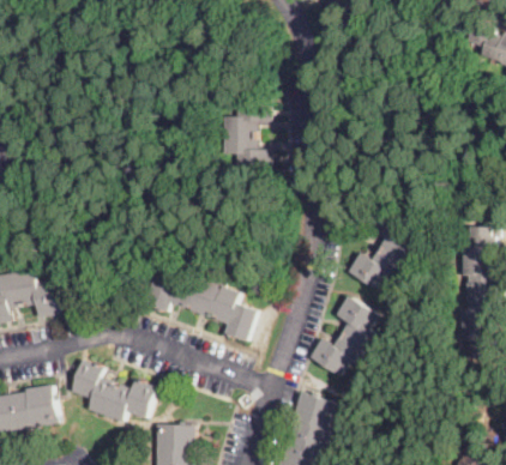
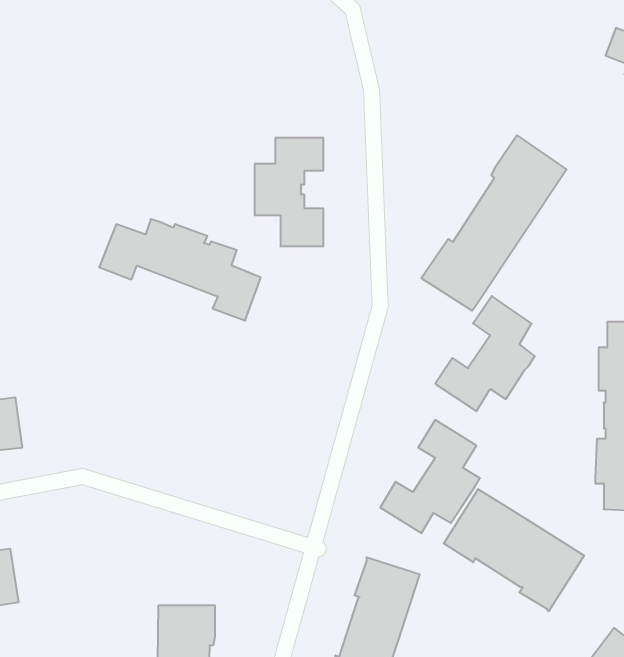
building: none -> [421,135,567,311]
building: [143,271,255,342] -> [99,219,261,321]
building: none -> [444,489,584,611]
building: [70,360,157,423] -> none

